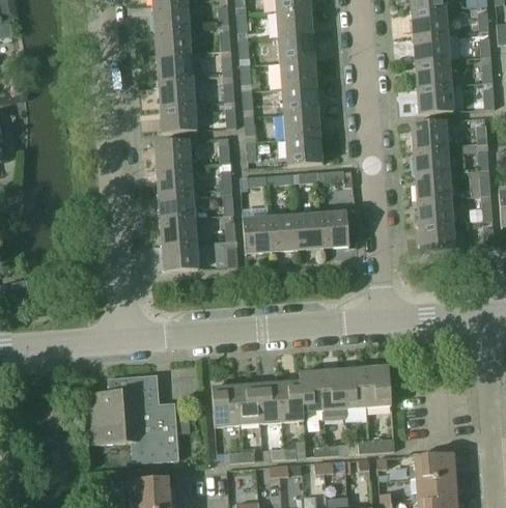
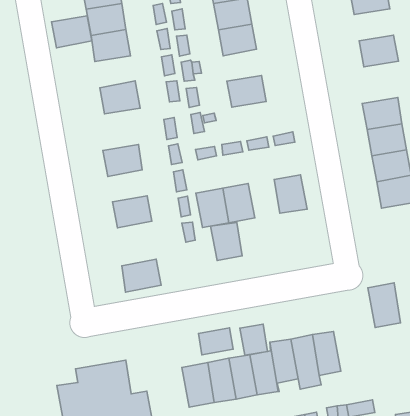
building: [415,59,451,87] -> none
building: [158,79,195,107] -> [52,16,92,48]
building: [283,85,318,113] -> none
building: [412,119,449,148] -> none
building: [286,137,322,165] -> none
building: [156,139,192,168] -> none
building: [159,191,195,219] -> none
building: [294,214,322,249] -> [210,222,242,261]
building: [163,242,199,271] -> [122,259,161,292]
building: none -> [240,324,267,355]
building: none -> [198,328,233,355]
building: [363,365,391,406] -> [368,283,400,327]

